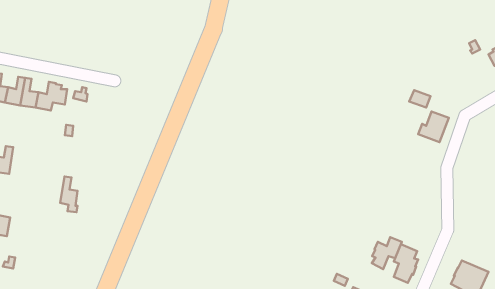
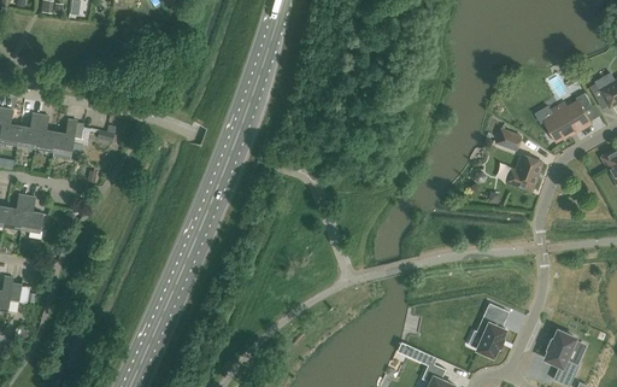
building: none -> [534,93,592,140]
building: [60,176,78,212] -> [22,197,42,239]
building: [372,237,402,269] -> none

